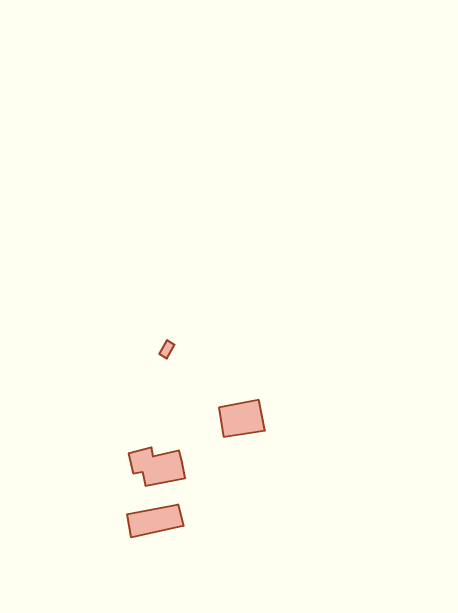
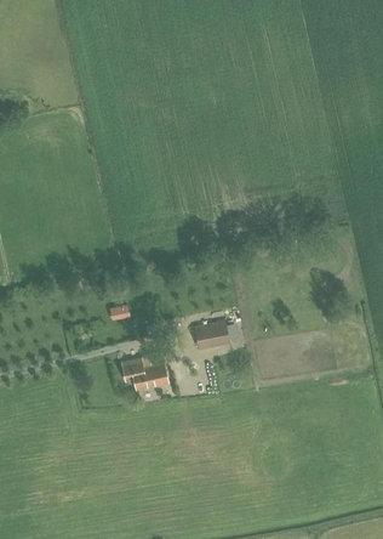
building: [127,504,184,537] -> none

